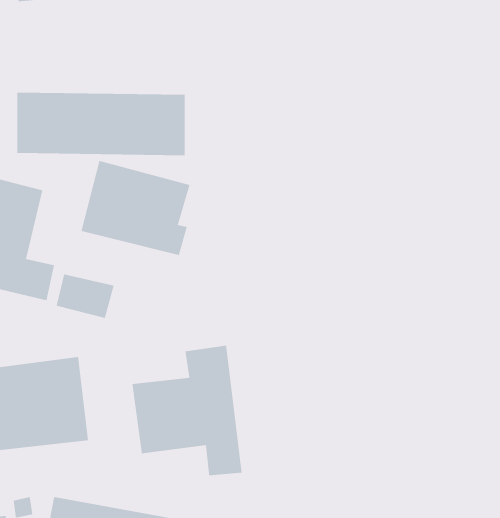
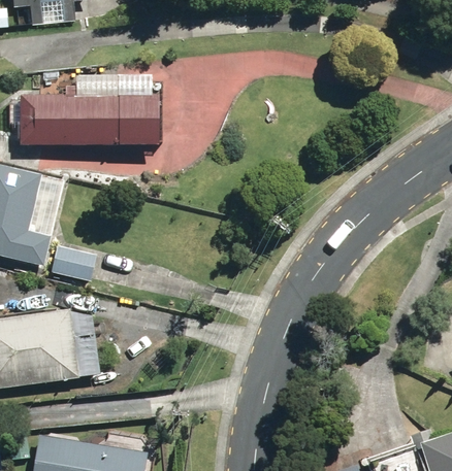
building: [81,160,190,256] -> none
building: [132,345,242,476] -> none

